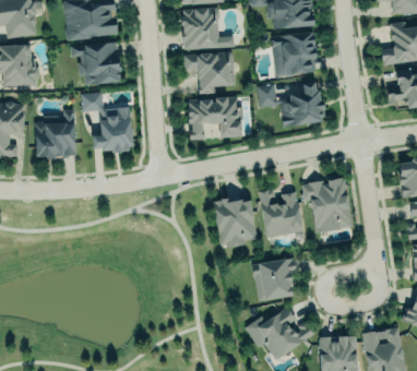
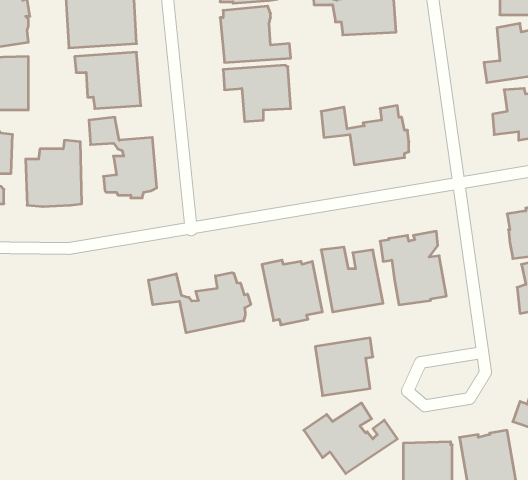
building: [273,34,317,76] -> none
building: [188,97,245,141] -> none
building: none -> [148,273,251,333]

